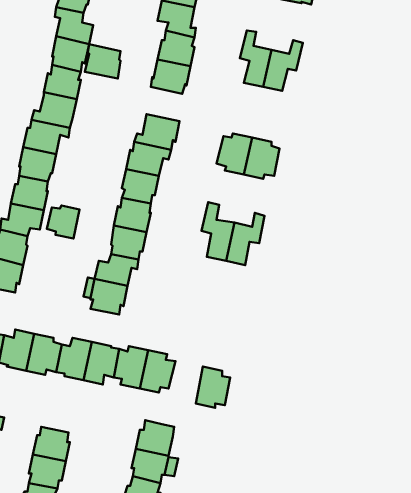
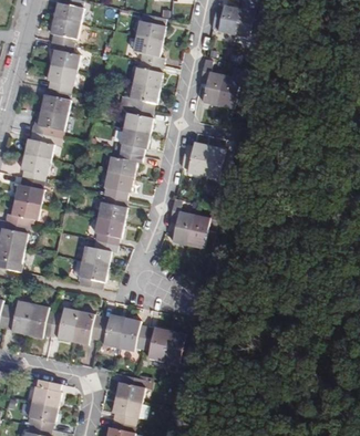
building: [85,44,121,79] -> [123,105,152,133]
building: [47,205,79,239] -> none
building: none -> [141,326,168,361]

